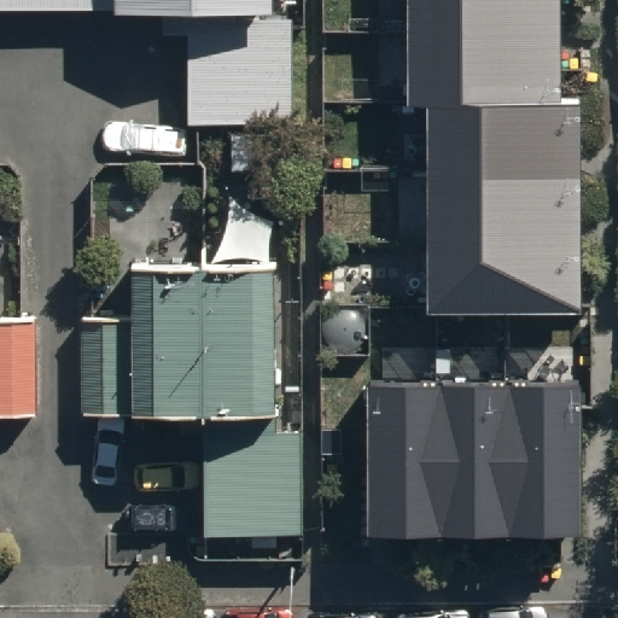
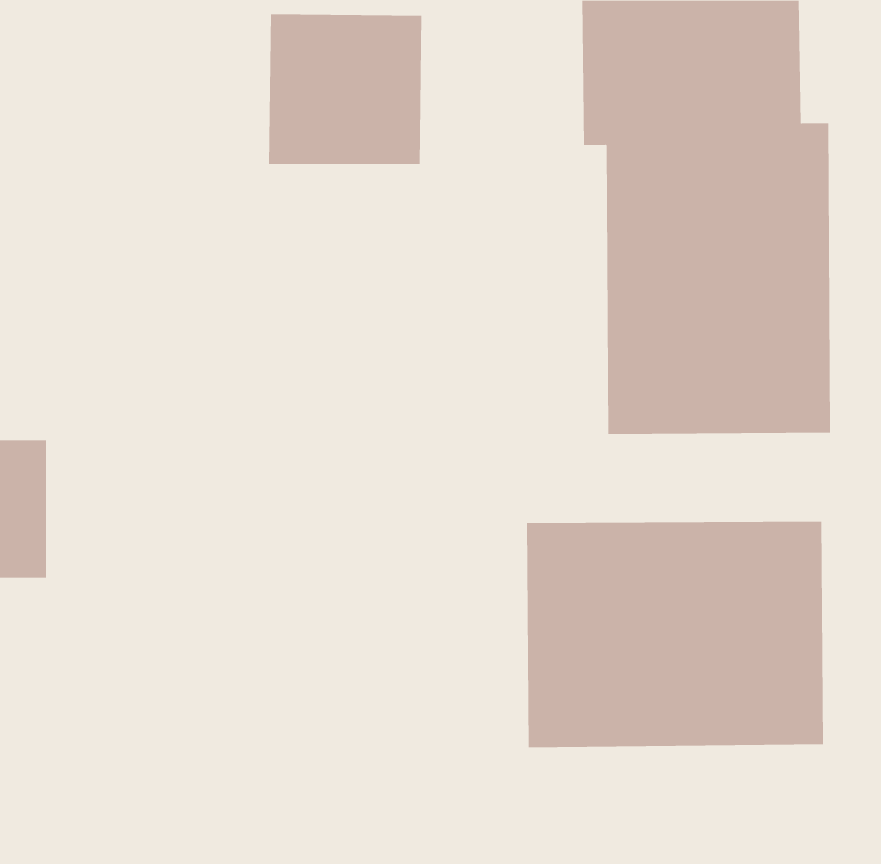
building: [80,274,286,419] -> none
building: [210,438,304,542] -> none

